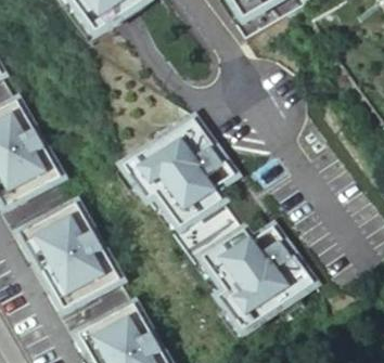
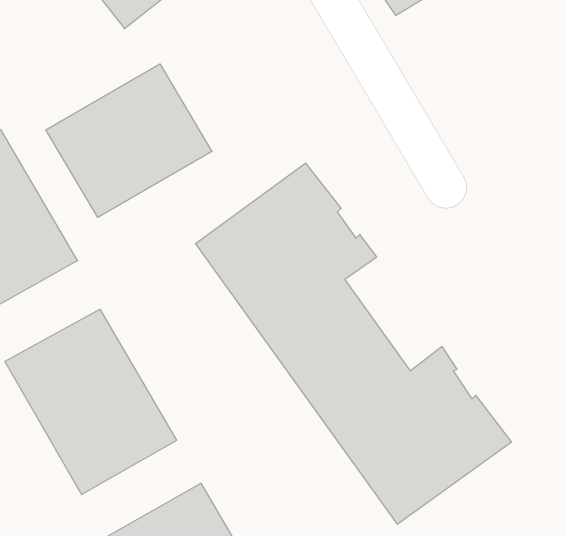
building: none -> [46,64,212,217]

